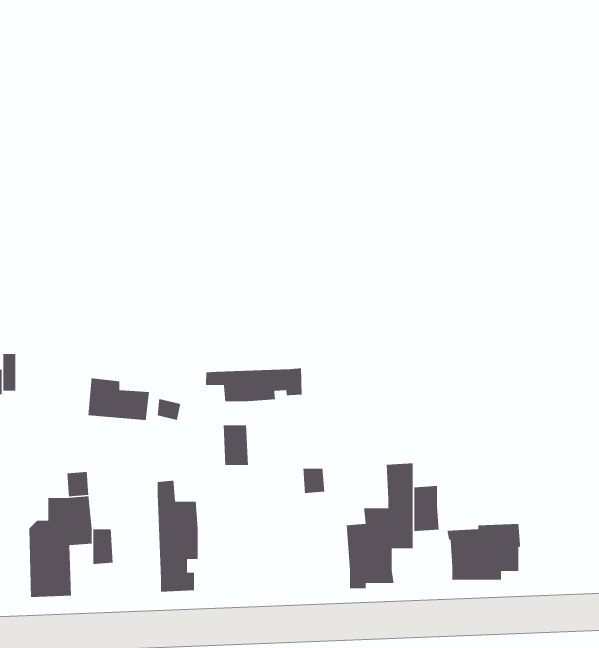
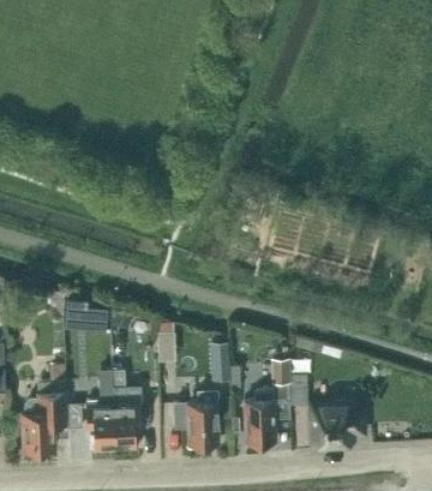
building: [205,368,303,402] -> none
building: none -> [85,381,114,450]
building: none -> [172,391,218,449]

